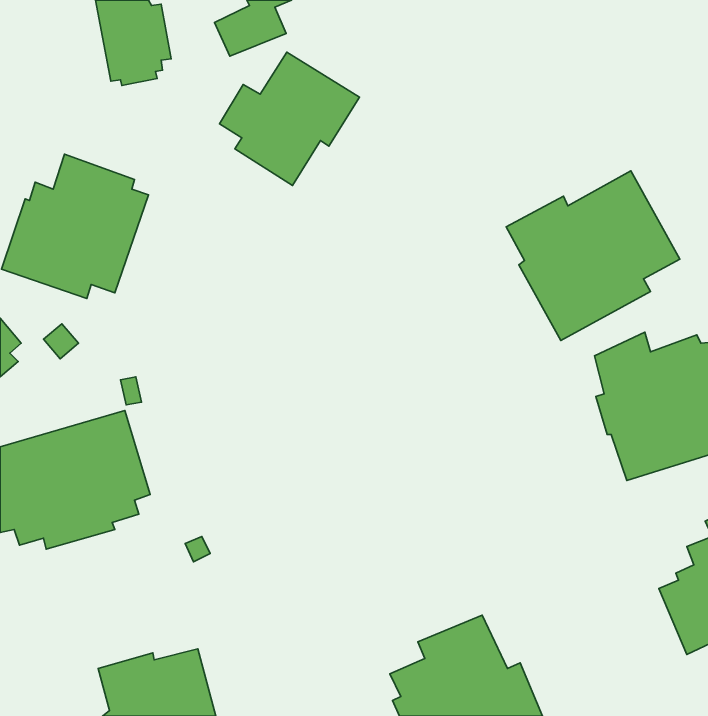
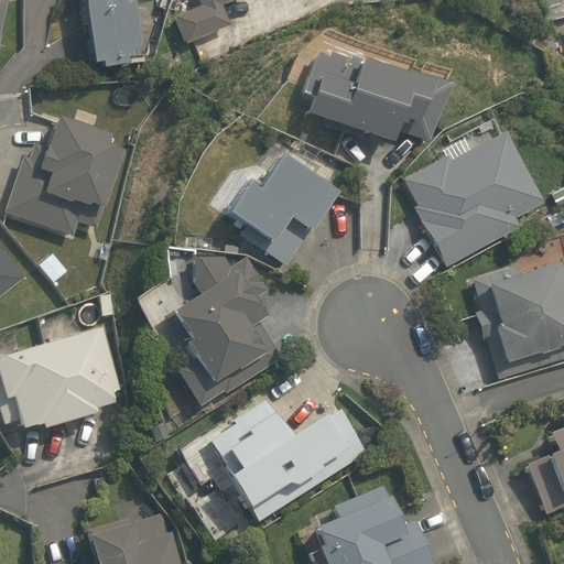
building: [219,52,360,185] -> [227,158,337,262]
building: none -> [308,53,457,142]
building: none -> [165,257,282,408]
building: none -> [212,399,366,522]

